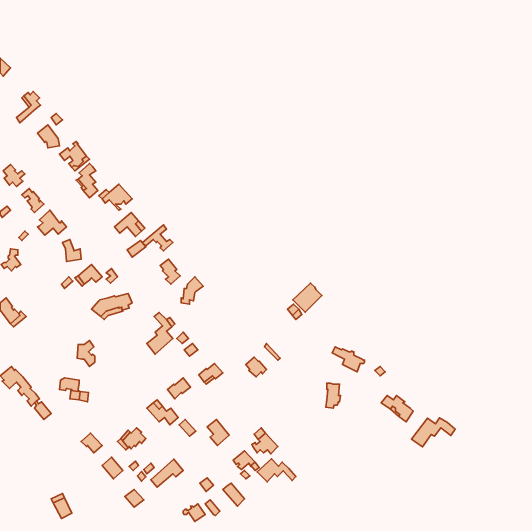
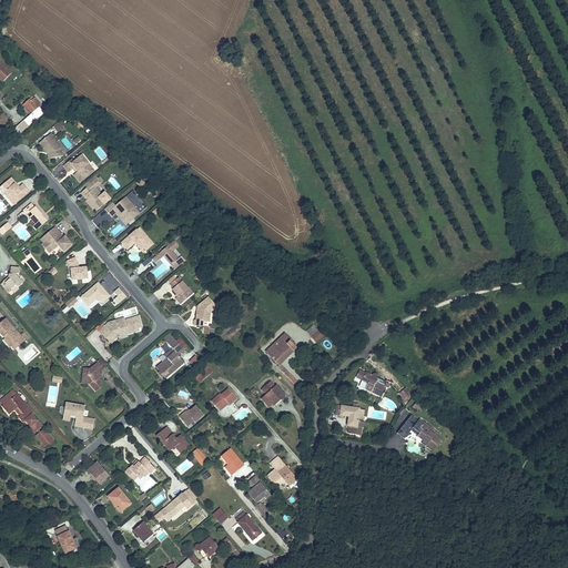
building: [293,283,322,312] -> [266,333,297,364]
building: [411,418,455,447] -> none
building: [257,459,296,482] -> none

